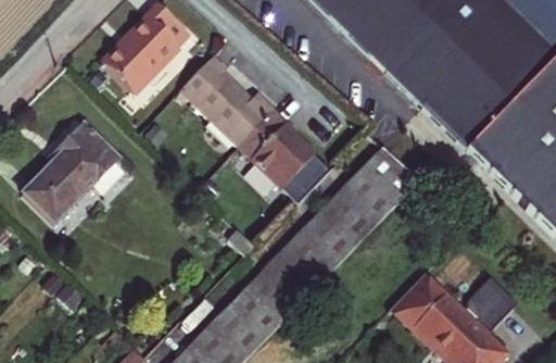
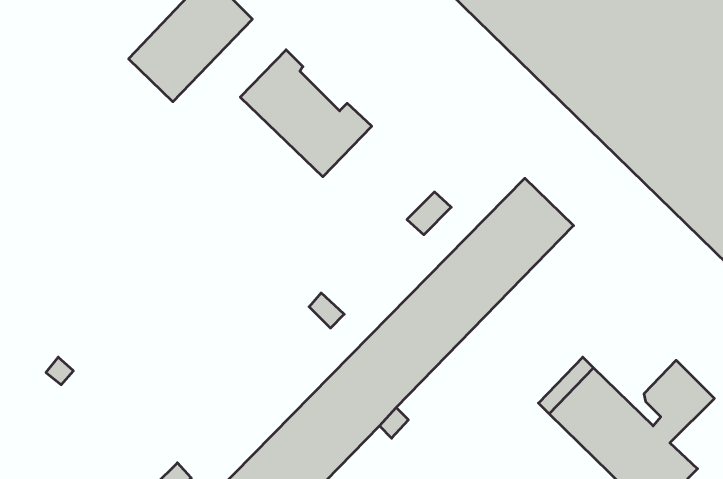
building: [240,110,316,188] -> none
building: [23,124,119,225] -> none

